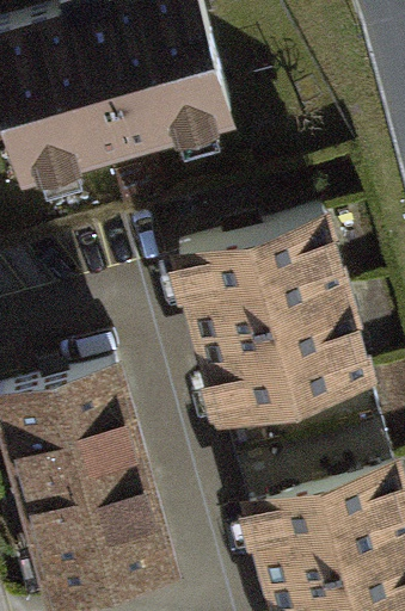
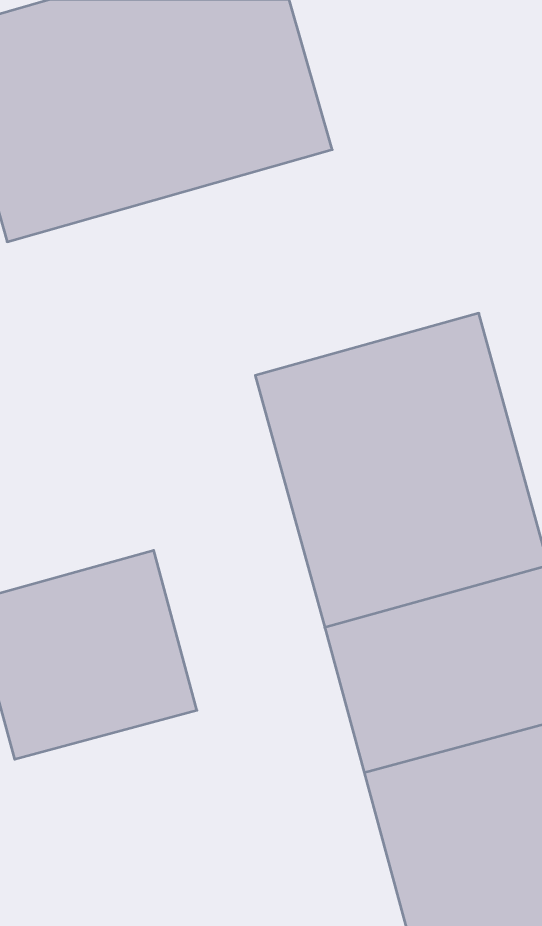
building: [29,469,172,600] -> none

